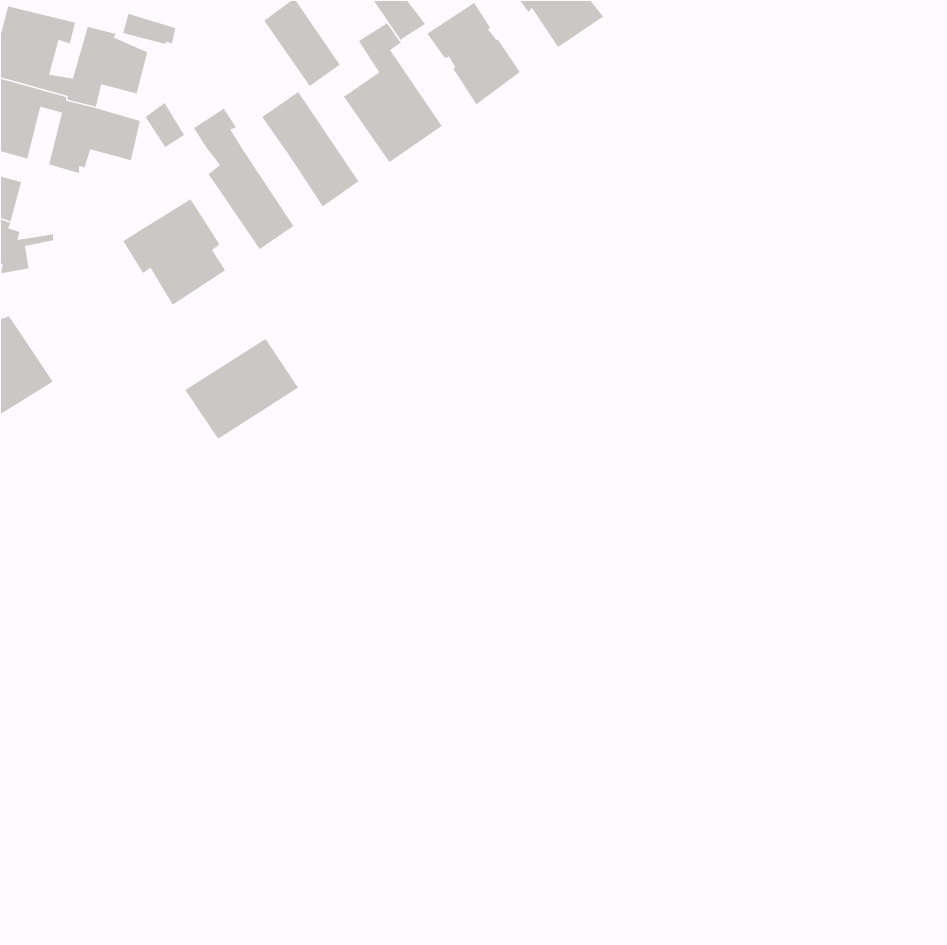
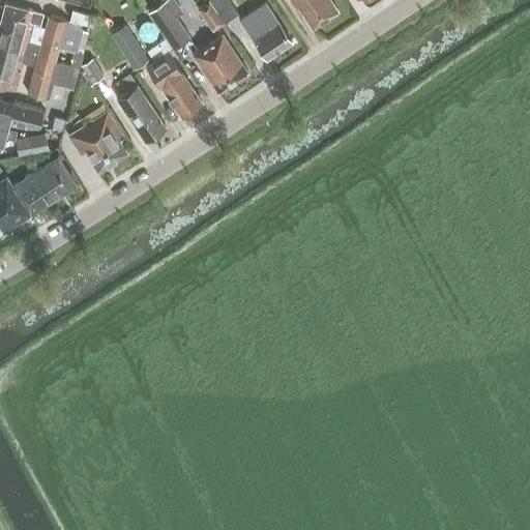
building: none -> [111,25,148,70]
building: none -> [8,102,41,127]
building: none -> [14,134,48,156]
building: [184,338,299,440] -> [11,157,76,214]

